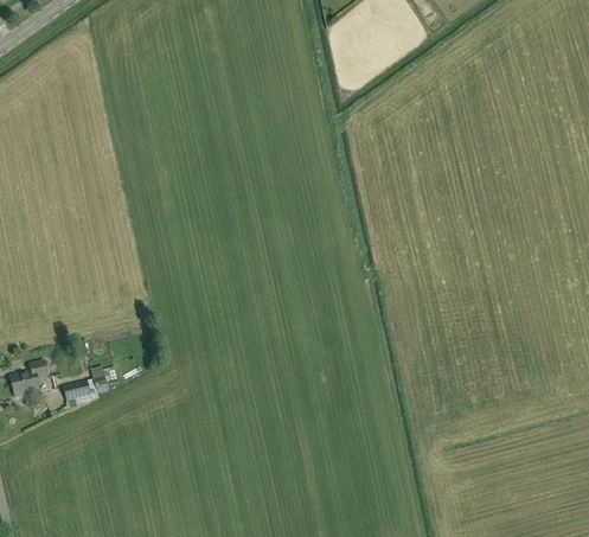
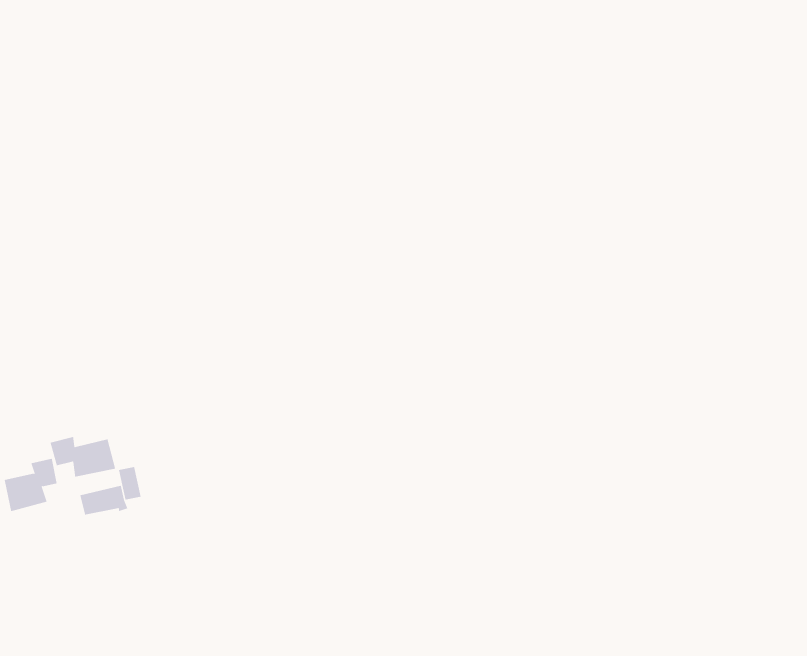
building: none -> [50,436,116,477]

